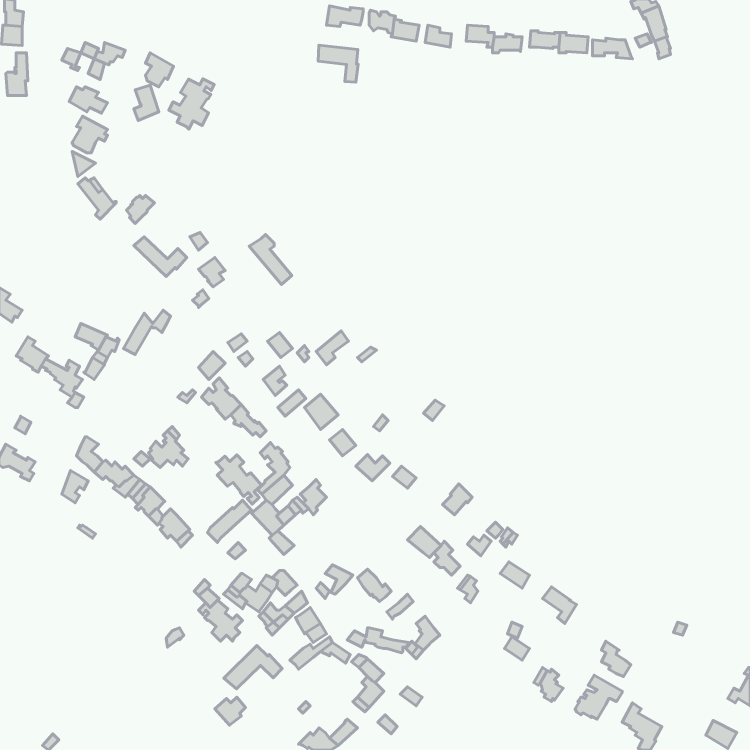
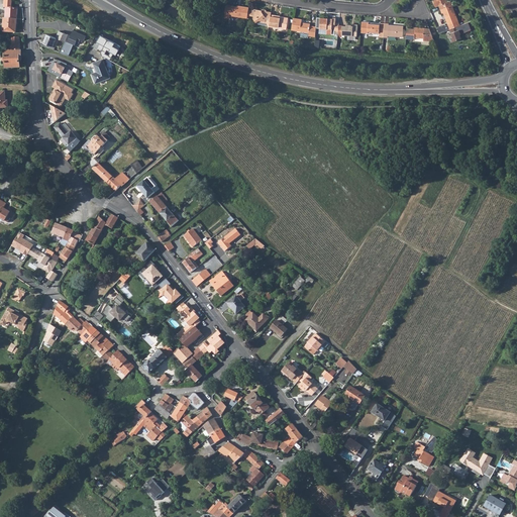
building: [318,45,358,82] -> none
building: [169,79,214,129] -> none
building: [249,234,292,284] -> [148,192,178,226]
building: [216,455,261,504] -> none
building: [224,646,282,689] -> none
building: none -> [457,446,494,477]

